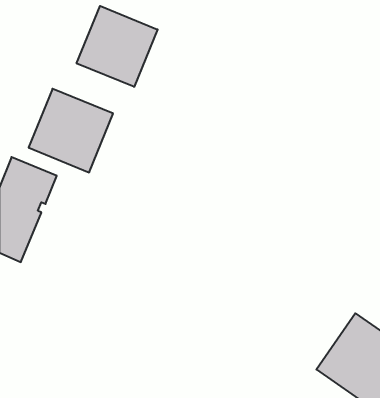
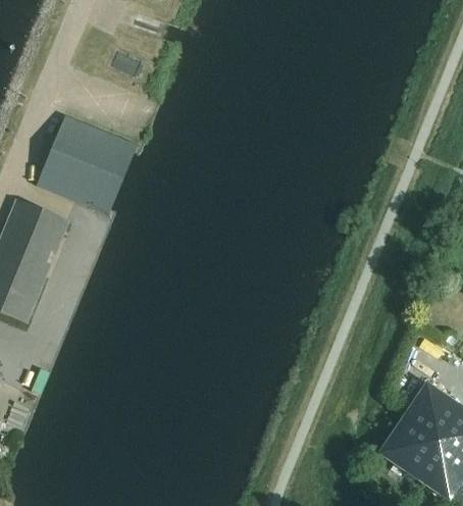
building: [77,6,158,87] -> none

